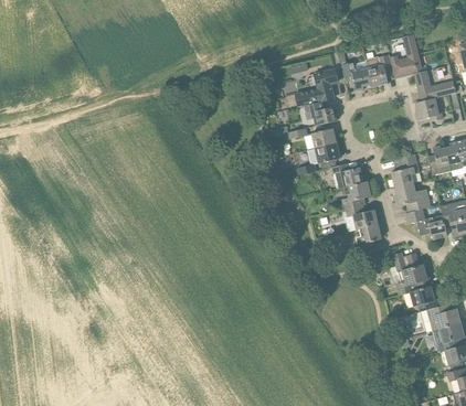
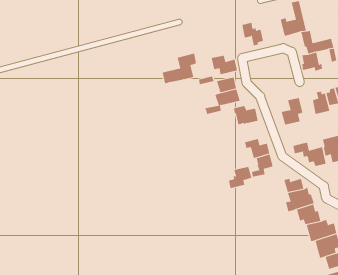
building: [367,54,394,87] -> none
building: [295,68,338,107] -> [162,53,197,84]
building: [342,181,372,209] -> [228,166,252,189]
building: [395,183,432,211] -> none

